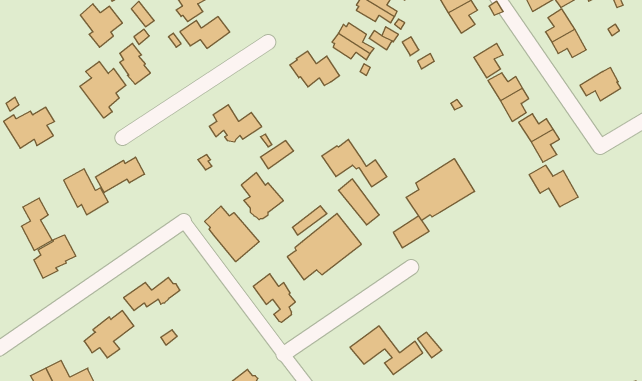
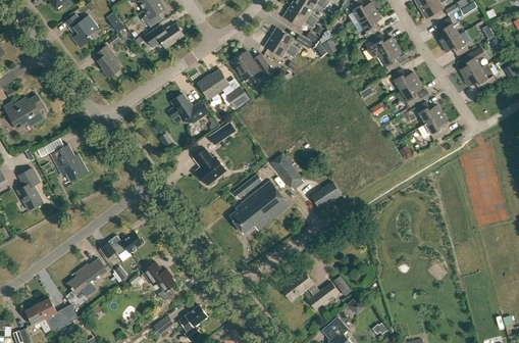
building: none -> [365,34,398,59]
building: none -> [459,47,485,79]
building: [80,61,126,118] -> none
building: [322,139,387,187] -> [198,69,250,107]
building: [95,157,145,193] -> none
building: [406,159,475,221] -> none
building: [529,165,578,207] -> none
building: [205,206,259,262] -> none
building: [34,235,76,278] -> none
building: [253,274,295,322] -> [143,261,176,300]

